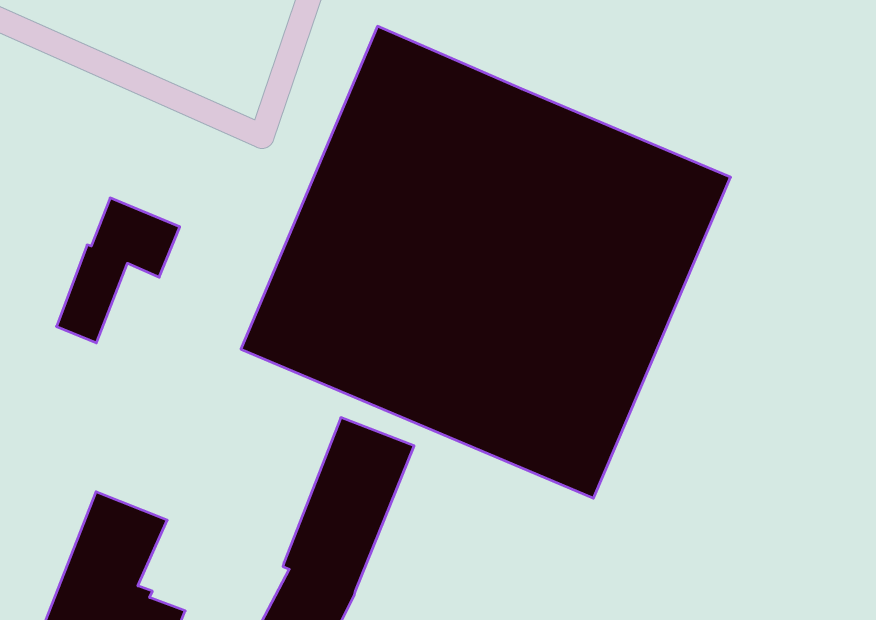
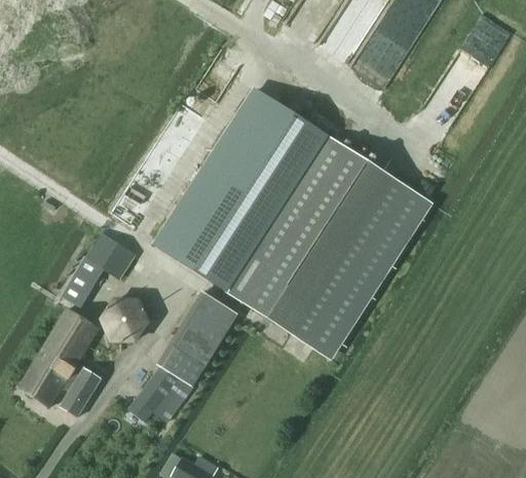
building: [56,198,180,343] -> [61,232,135,307]
building: none -> [102,300,147,339]

